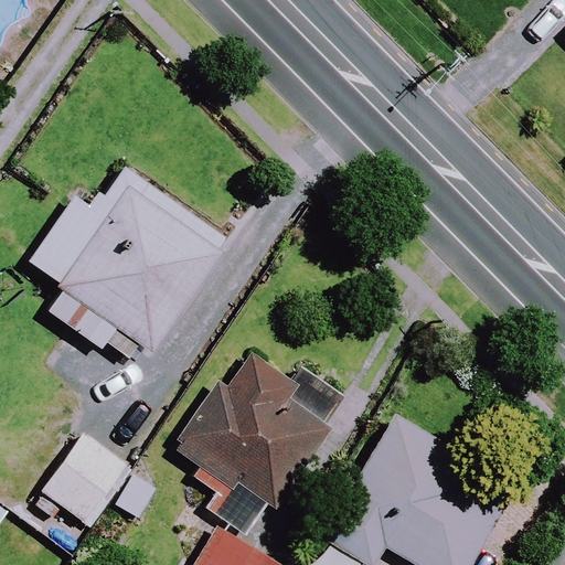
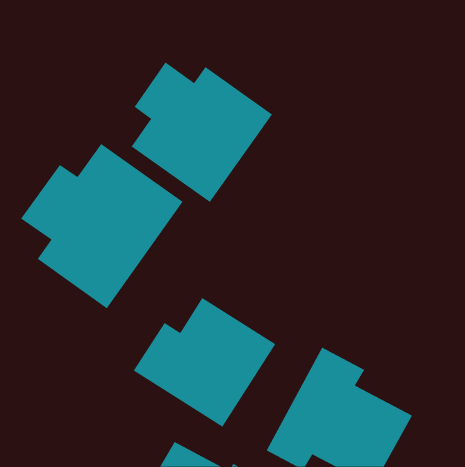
building: none -> [131,62,273,203]
building: [42,434,132,525] -> none

